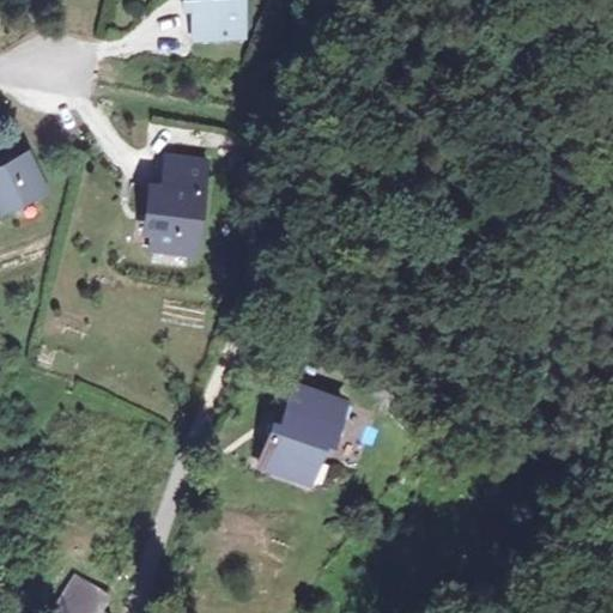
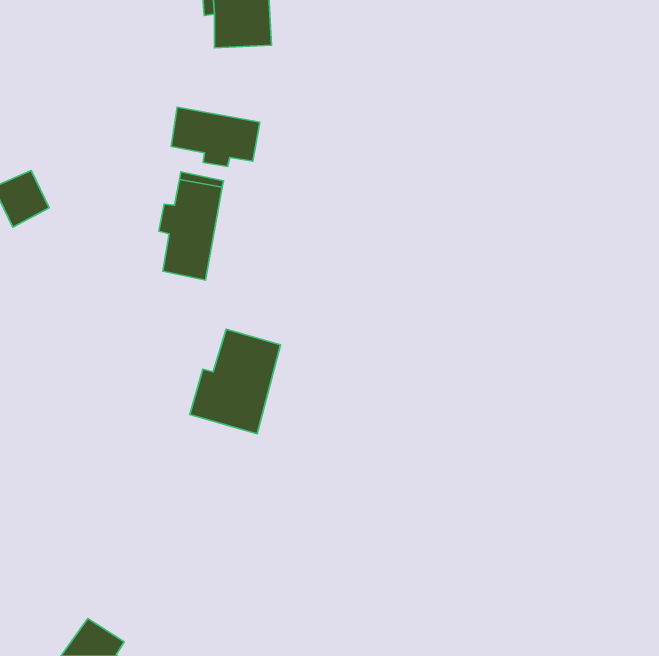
building: none -> [171,107,260,167]
building: [255,386,339,482] -> [190,329,280,434]

